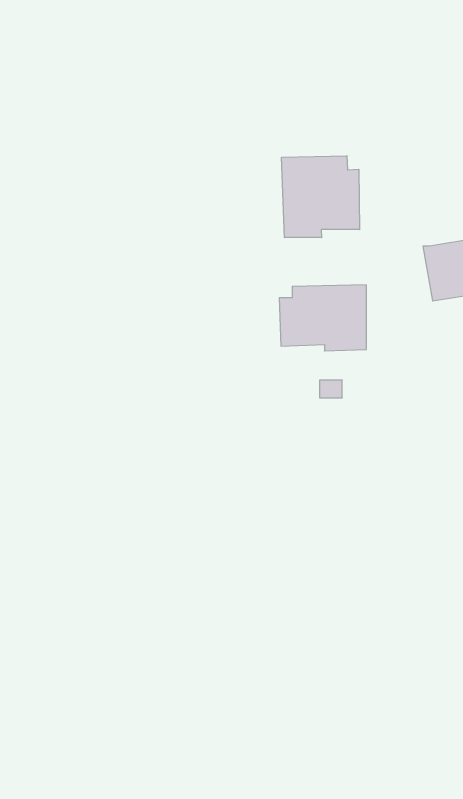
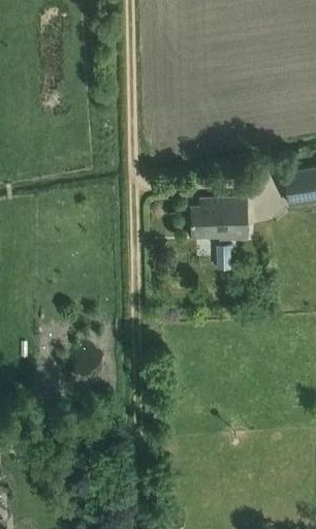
building: [282,156,360,238] -> none

